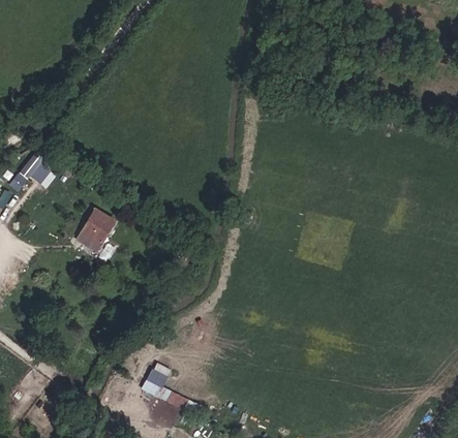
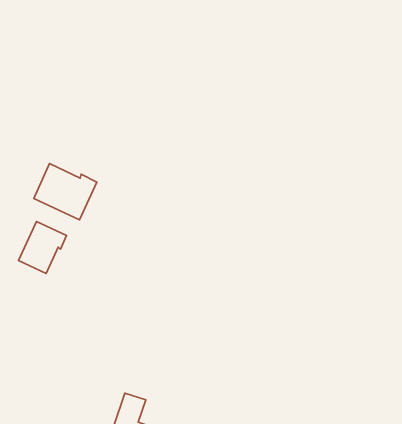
building: none -> [34,164,97,220]

